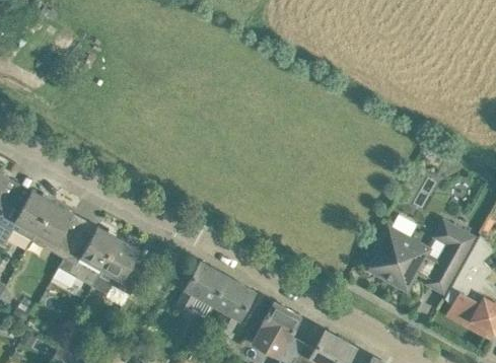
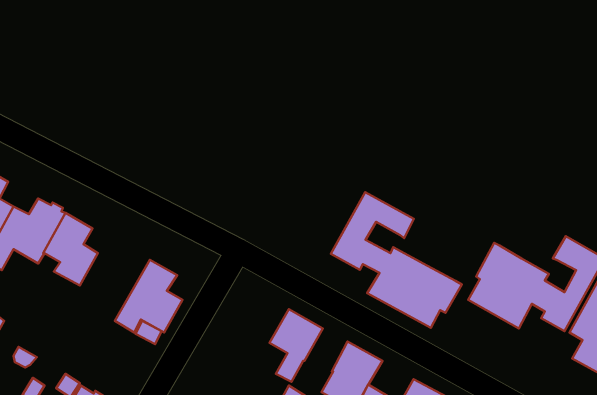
building: none -> [331,192,462,328]
building: [63,226,118,286] -> none
building: [175,262,226,312] -> none

